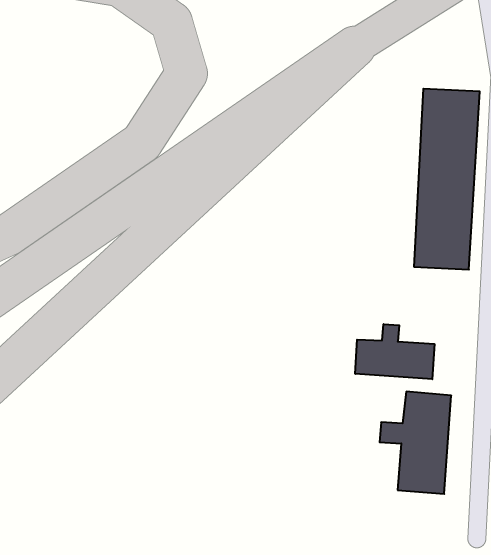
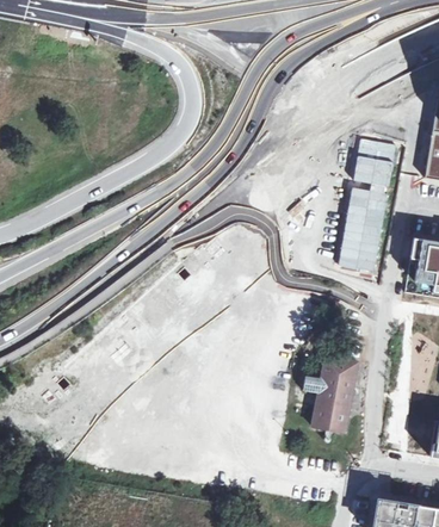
building: [355,324,434,379] -> none

